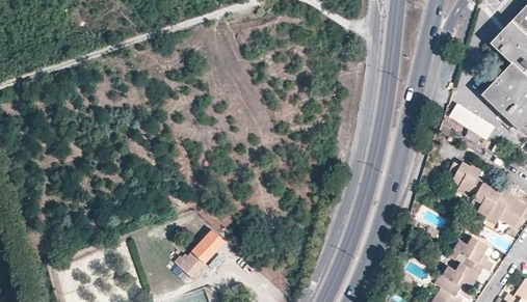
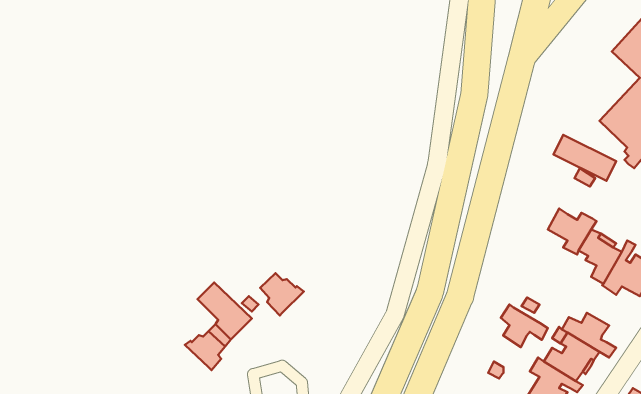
building: none -> [260,273,304,316]
building: none -> [501,305,548,347]

